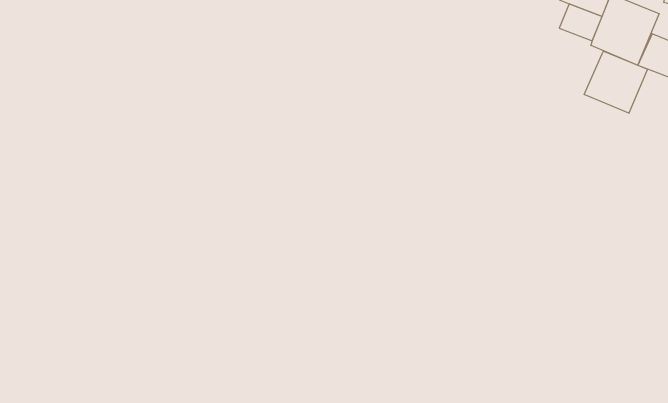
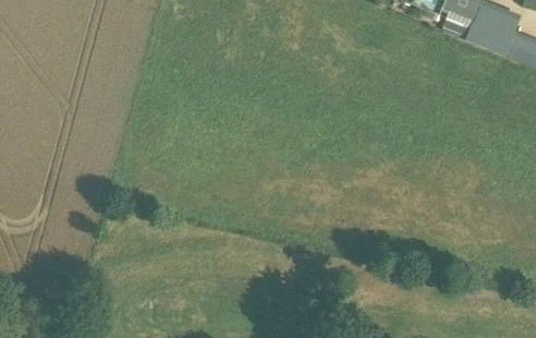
building: [584,51,647,113] -> none

